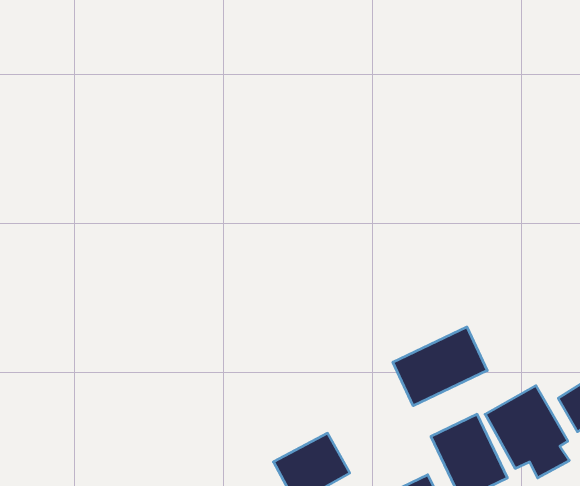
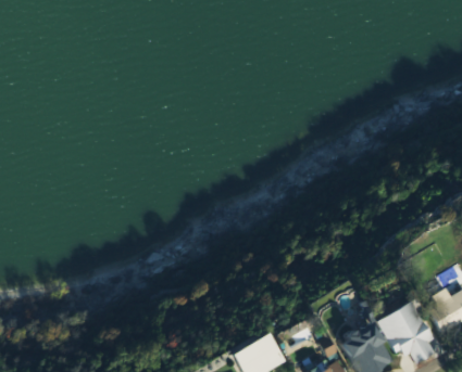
building: [393,327,487,406] -> none

